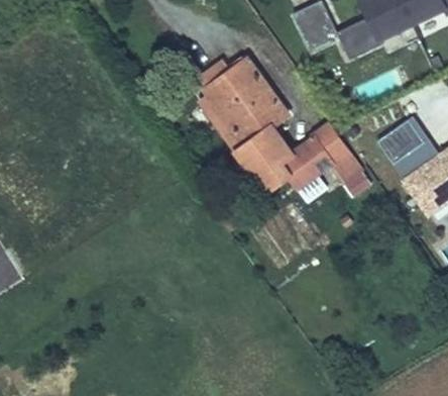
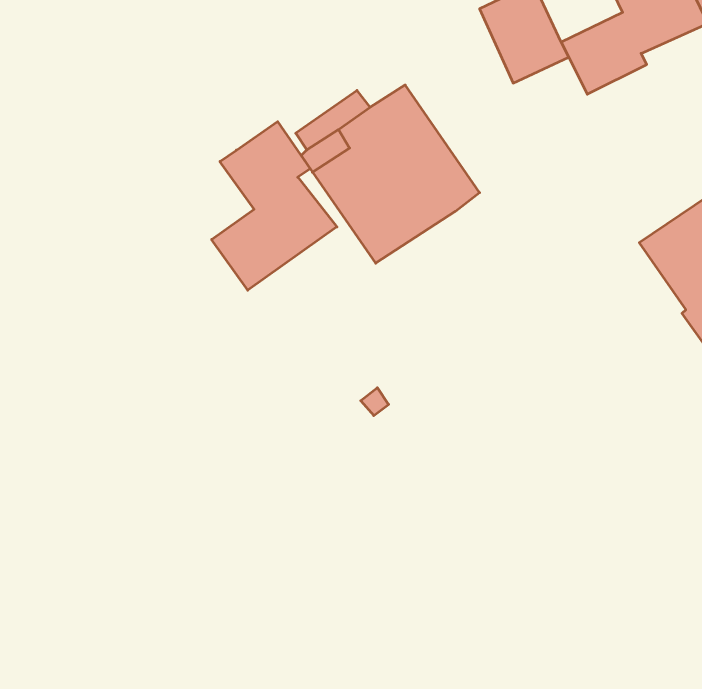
building: none -> [212,122,337,290]
building: [234,123,374,200] -> none

